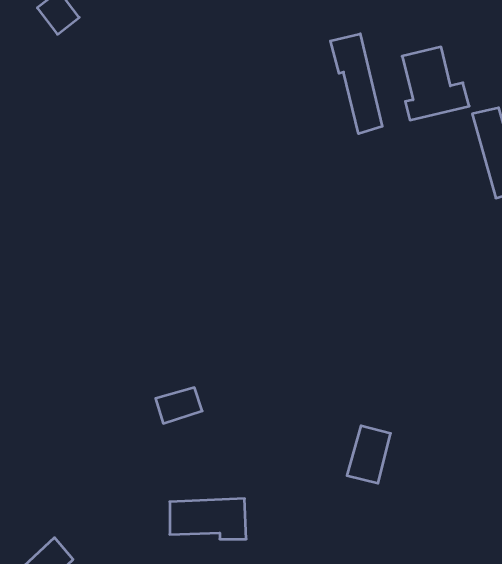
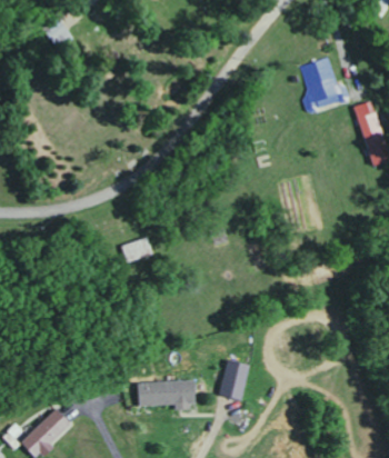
building: [330,34,382,134] -> none
building: [156,388,202,423] -> [122,237,156,262]
building: [347,426,391,483] -> [218,359,249,400]

